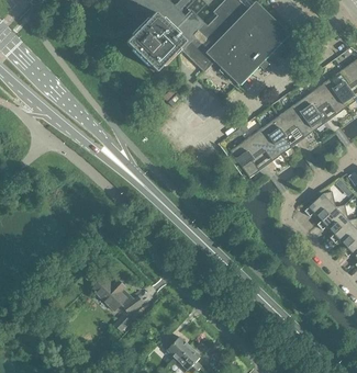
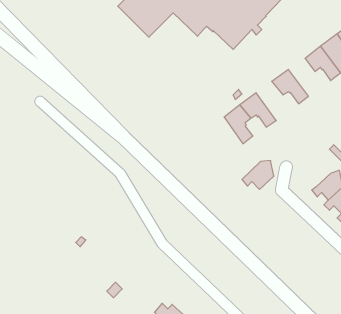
building: [293,93,322,131] -> none
building: [261,116,290,155] -> none
building: [303,192,335,221] -> [242,161,274,189]
building: [90,276,142,313] -> none

